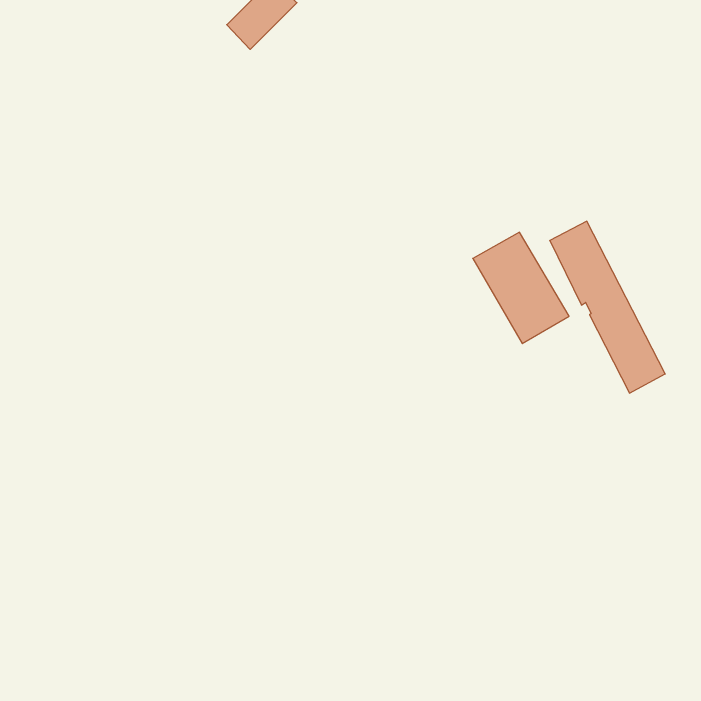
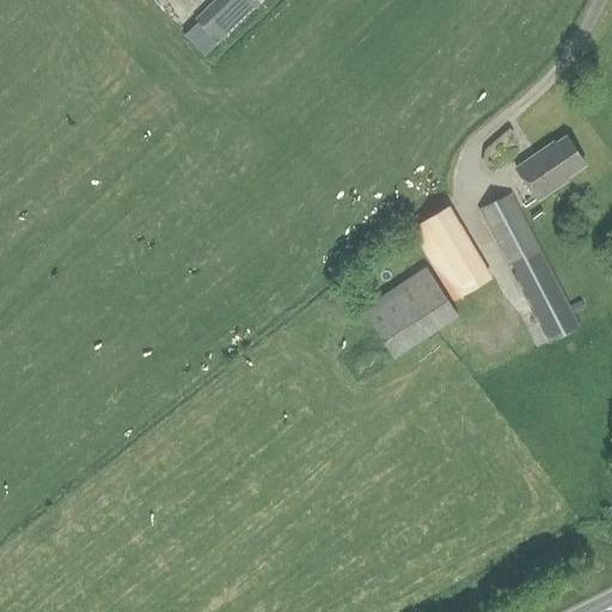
building: none -> [514,135,583,200]
building: none -> [360,265,457,357]

